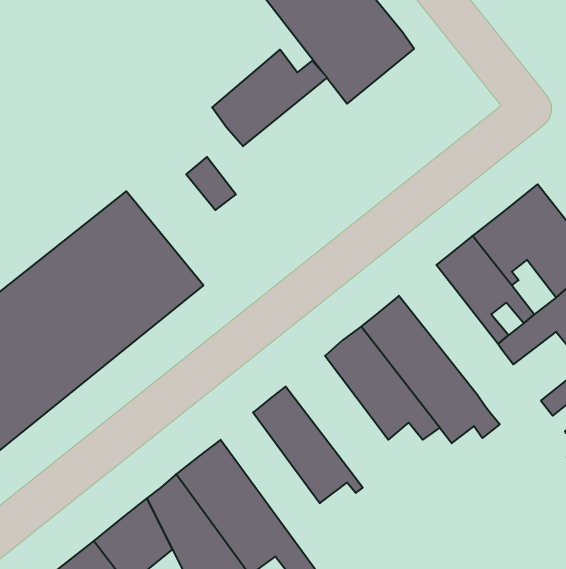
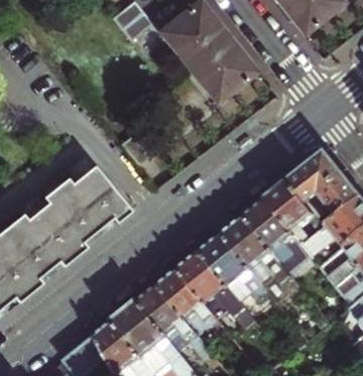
building: [212,50,327,146] -> none
building: none -> [245,195,318,277]
building: none -> [178,248,254,324]
building: none -> [140,281,214,362]

